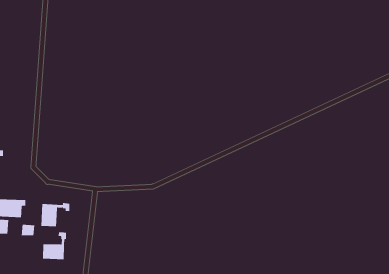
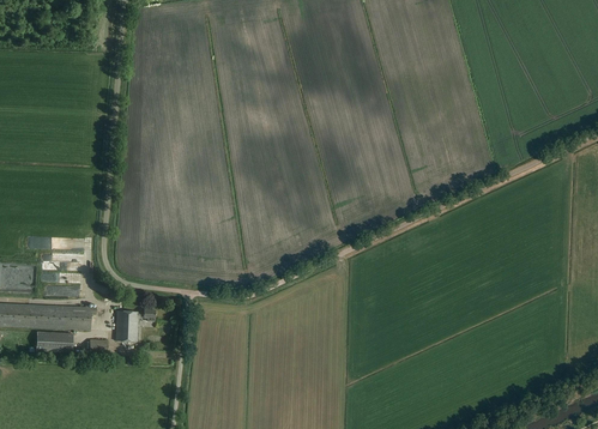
building: [42,231,67,260] -> none

